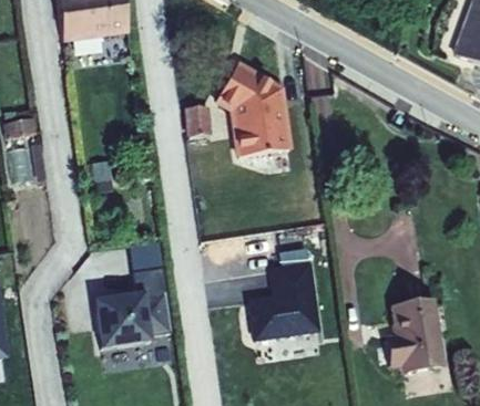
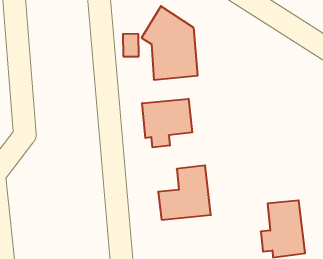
building: none -> [142,99,192,147]
building: [93,273,171,354] -> none

